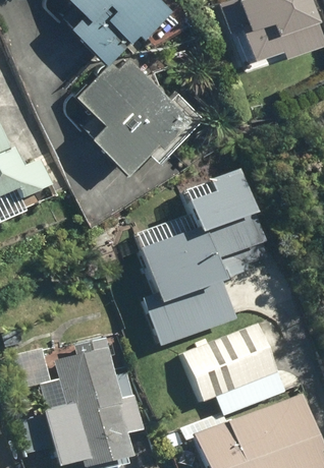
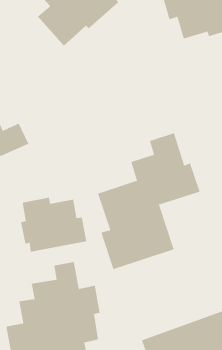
building: [77,64,209,172] -> none
building: none -> [20,197,87,253]
building: [187,323,286,403] -> none

